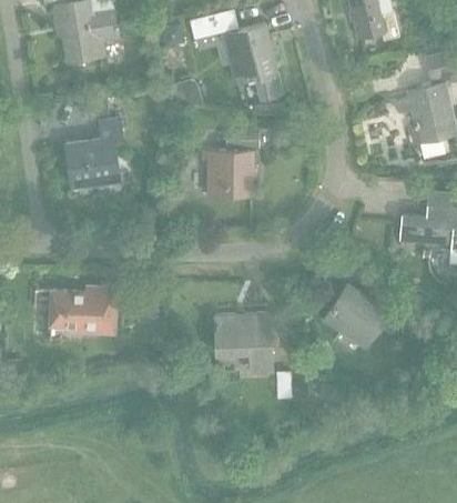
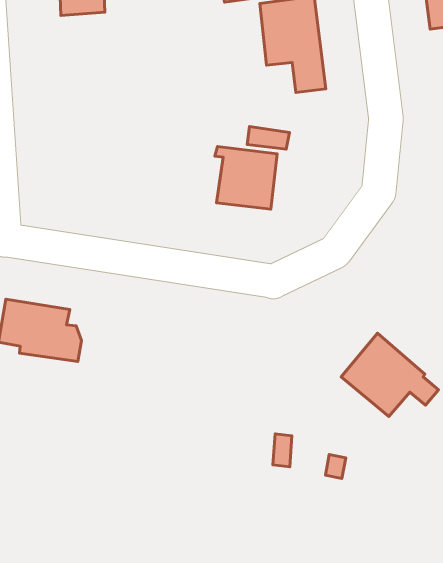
building: [64,120,122,187] -> none
building: [214,314,271,374] -> none

